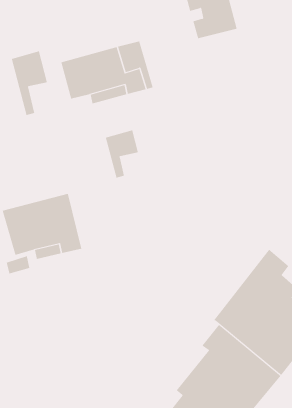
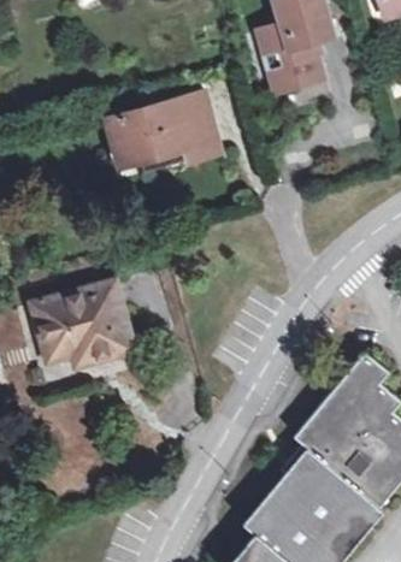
building: [11,50,47,116] -> none
building: [105,129,139,178] -> none

